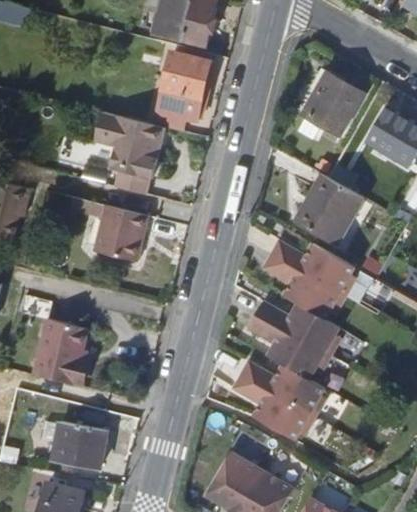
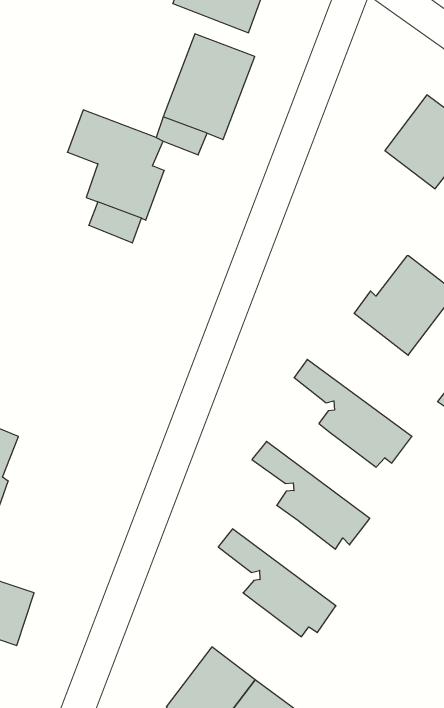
building: [94,205,148,262] -> none
building: [270,243,355,298] -> none
building: [250,299,335,355] -> none
building: [235,360,320,415] -> none

